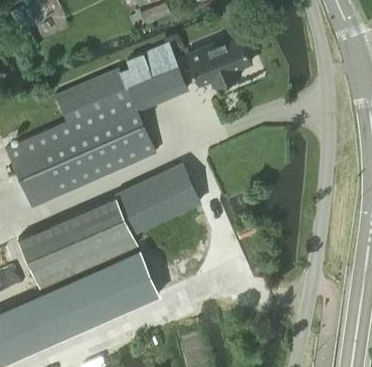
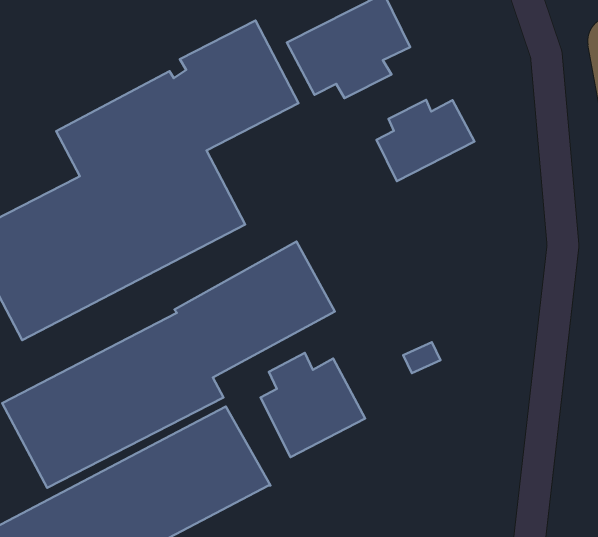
building: none -> [377,100,475,181]
building: none -> [260,353,365,457]

